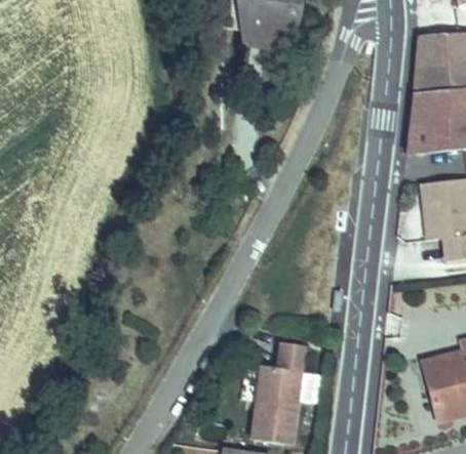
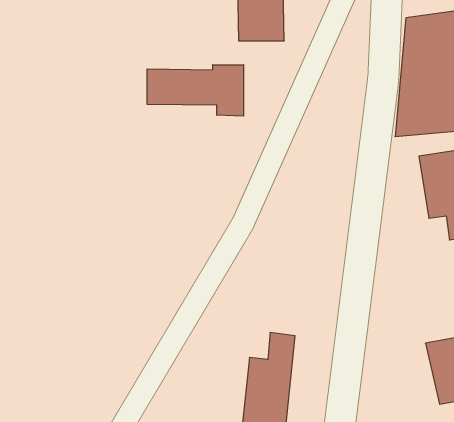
building: none -> [147,65,244,116]

